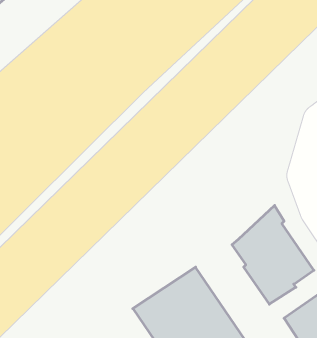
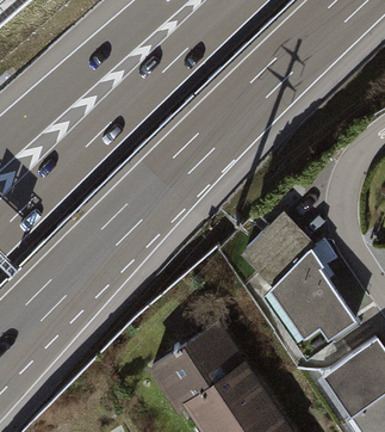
building: none -> [237,211,313,288]

